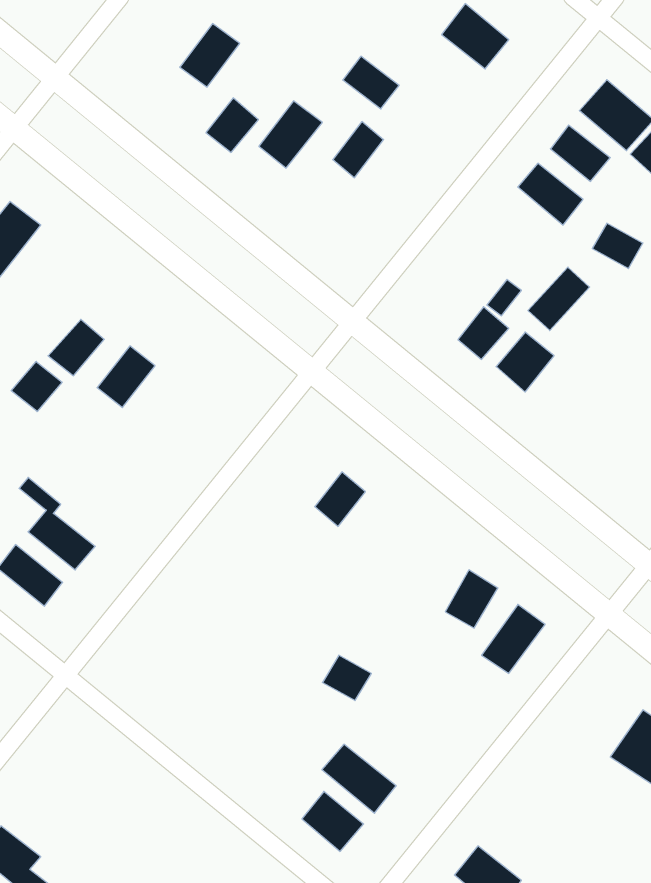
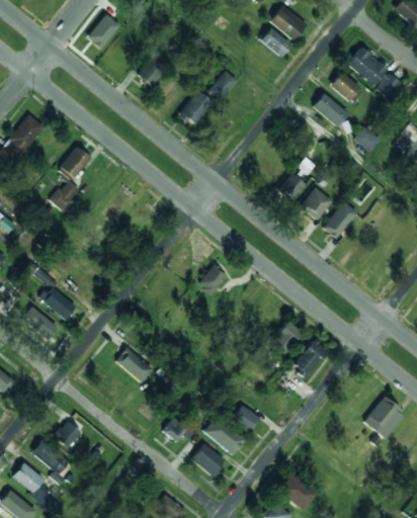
building: [180,24,240,87] -> [87,14,120,50]
building: [343,56,399,109] -> [261,27,293,57]
building: [259,101,322,168] -> [178,90,214,127]
building: [528,267,590,331] -> [324,202,358,238]
building: [97,346,155,408] -> [59,147,91,181]
building: [11,361,62,412] -> none
building: none -> [115,348,154,381]
building: [322,655,371,701] -> [233,406,260,431]
building: none -> [163,417,194,442]
building: none -> [54,421,81,448]
building: none -> [30,439,70,477]

